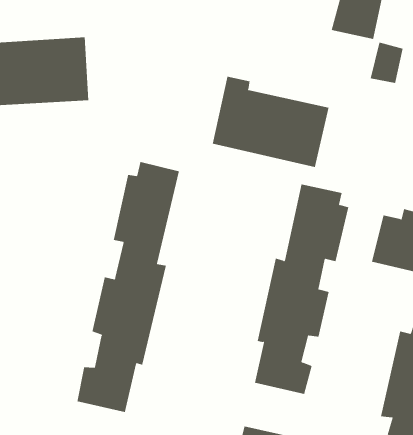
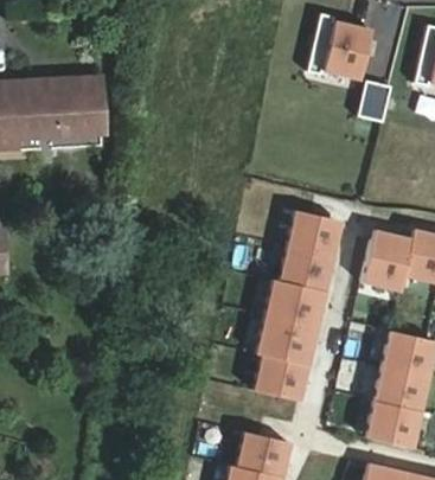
building: [212,76,329,168] -> none
building: [77,161,180,413] -> none

